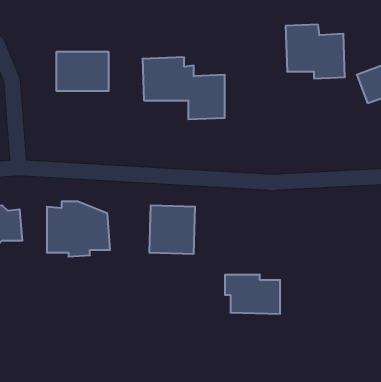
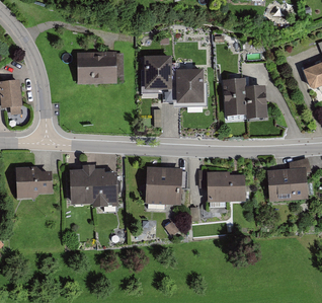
building: [286,25,345,78] -> [223,78,267,119]
building: none -> [268,157,309,199]
building: [225,275,280,314] -> [202,171,243,201]

